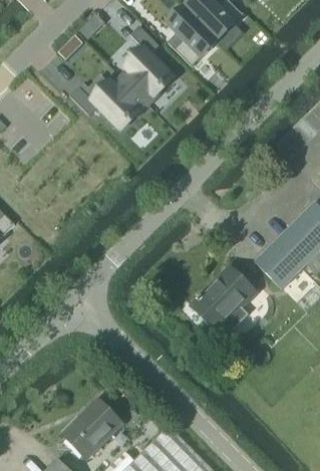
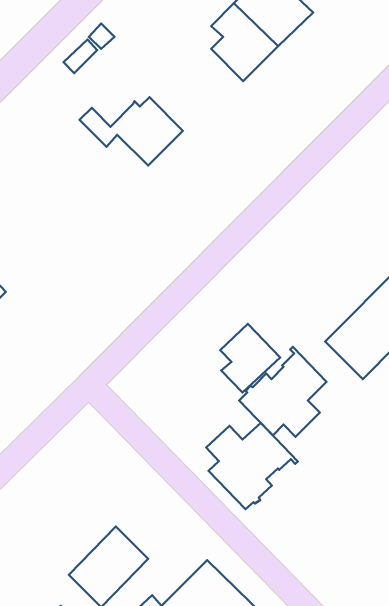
building: [121,26,173,103] -> none
building: none -> [220,324,280,393]
building: none -> [206,423,298,509]

